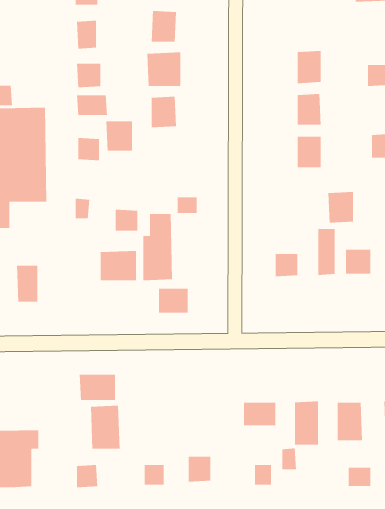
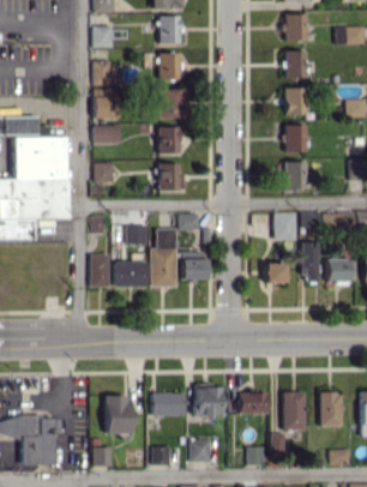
building: none -> [284,50,307,78]
building: [105,121,133,151] -> [158,163,182,190]
building: [328,191,354,223] -> [273,212,296,240]
building: [16,265,38,302] -> [90,254,109,287]
building: [158,288,188,313] -> [181,258,207,279]
building: [79,374,116,400] -> [151,392,184,415]
building: none -> [194,385,223,415]

